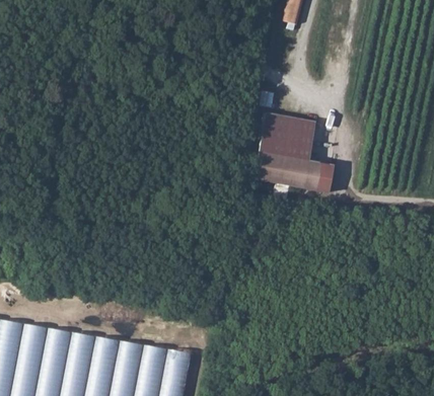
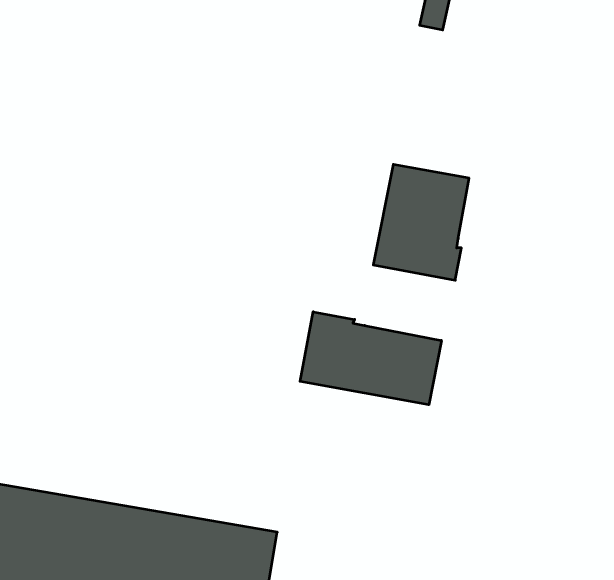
building: [306,161,333,192] -> none
building: none -> [300,312,441,405]

